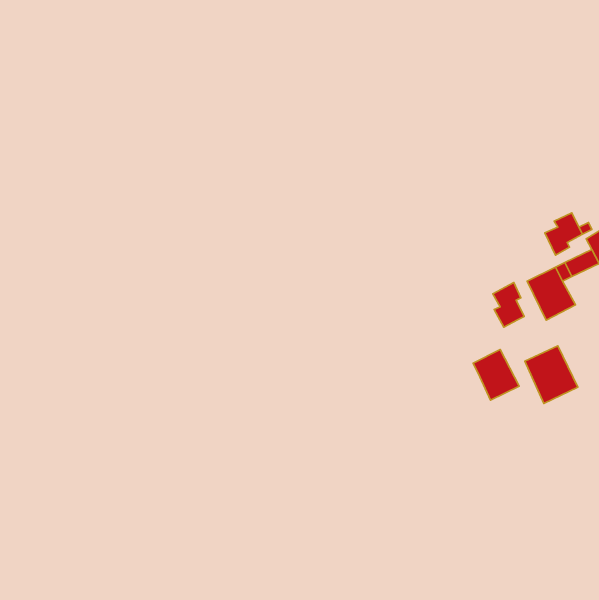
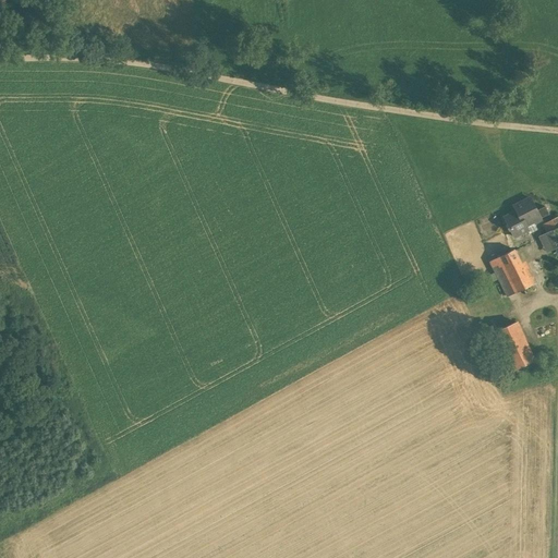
building: [493,282,524,327] -> none
building: [473,350,519,400] -> none

